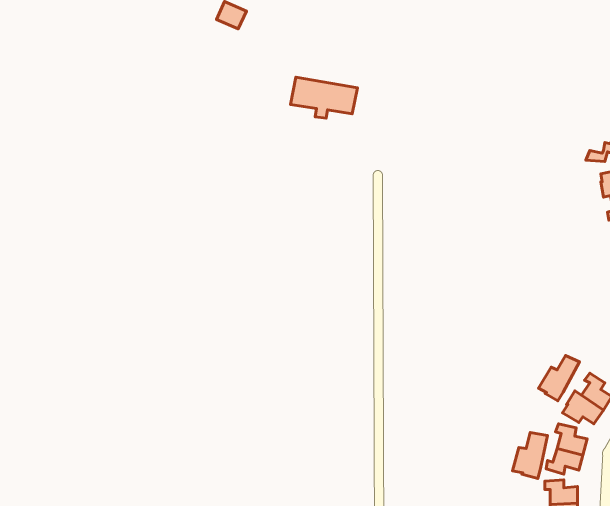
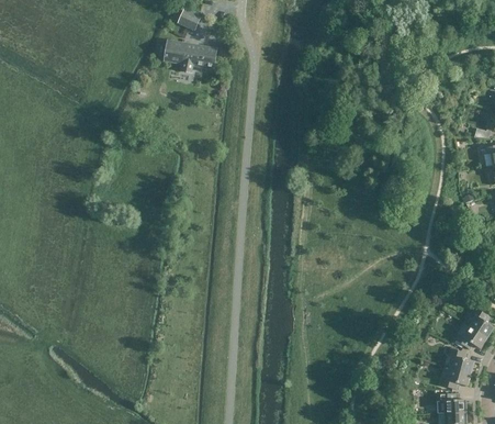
building: [290,77,358,118] -> [162,40,216,72]
building: [538,355,579,401] -> none
building: [513,433,547,478] -> none

